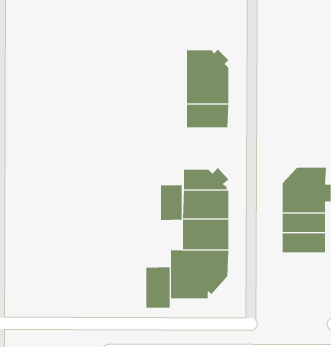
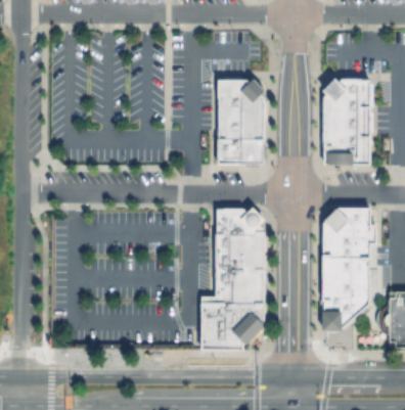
building: none -> [322,77,371,163]
building: [161,185,182,221] -> none
building: none -> [322,299,370,330]
building: [146,266,170,309] -> none

